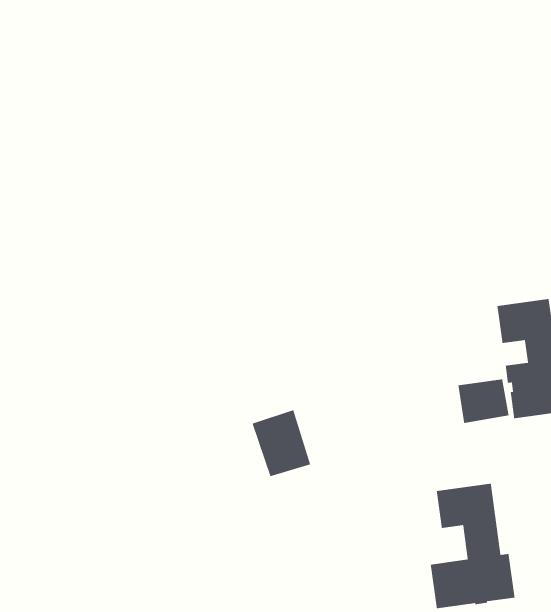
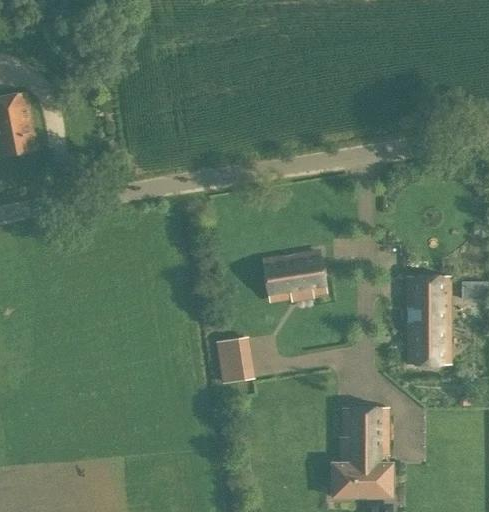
building: none -> [264,252,325,300]
building: [458,378,509,424] -> none

